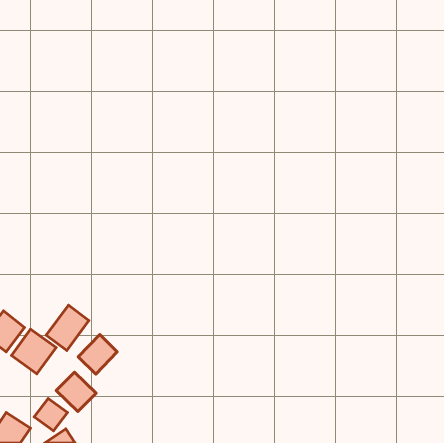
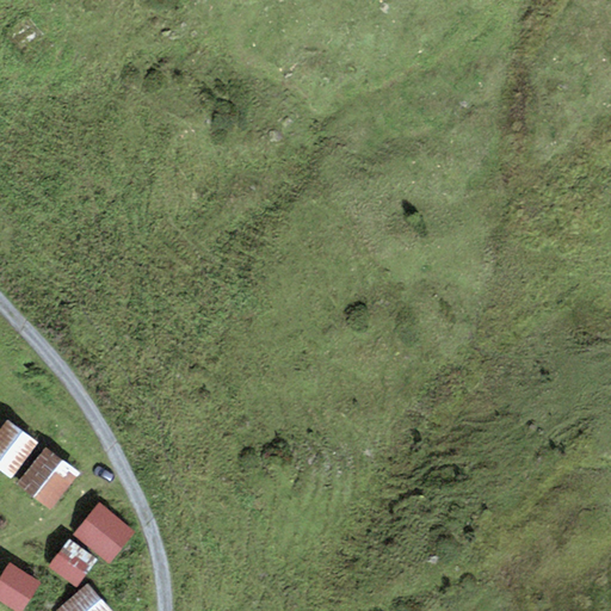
building: [46,305,89,351] -> none
building: [78,335,117,374] -> none

